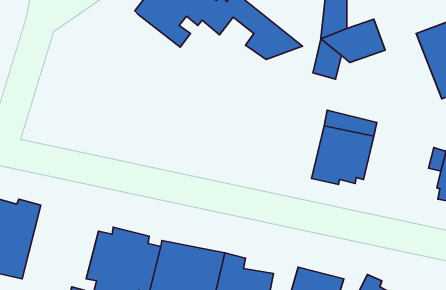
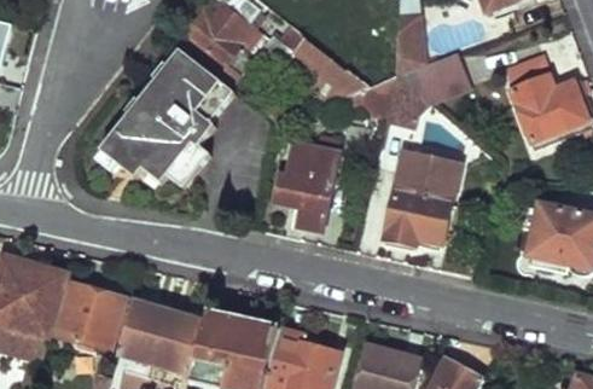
building: none -> [98,48,232,186]
building: none -> [273,143,338,226]
building: none -> [56,284,124,348]

